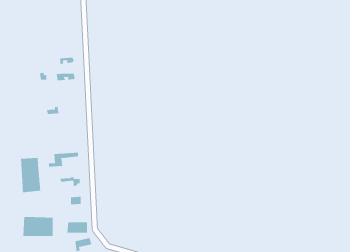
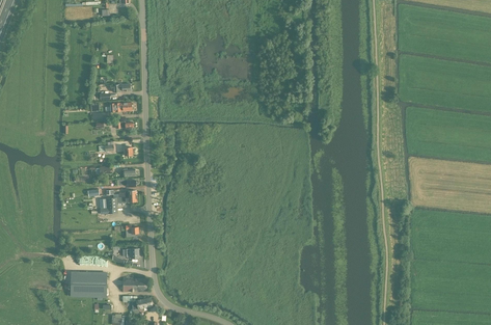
building: [21,157,41,193] -> none

